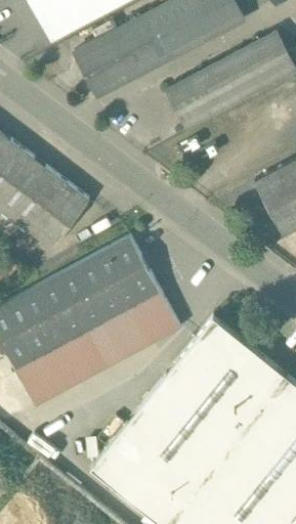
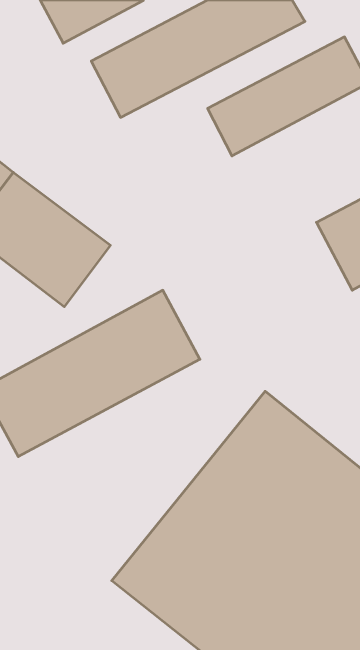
building: [15,290,180,404] -> none

